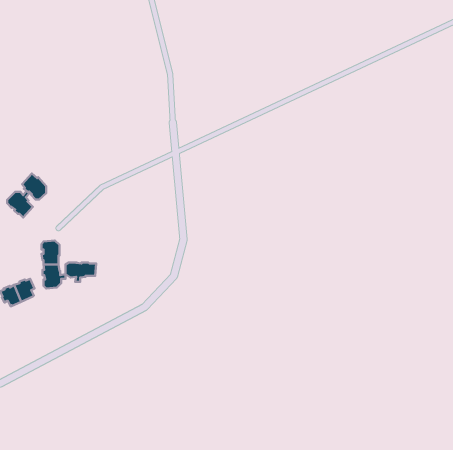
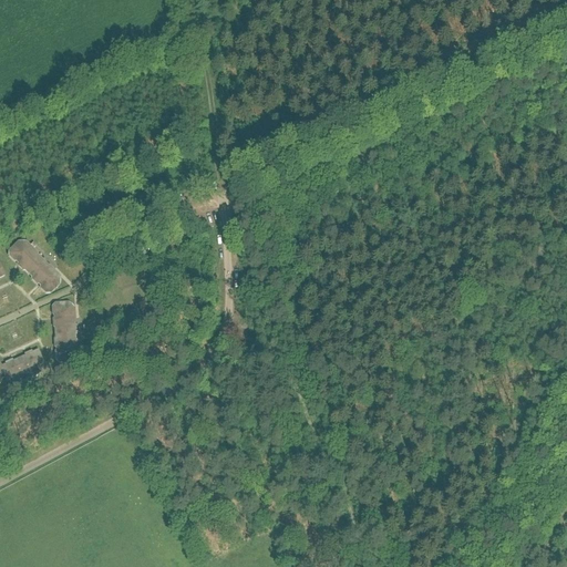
building: [22,174,46,199] -> [29,258,59,290]
building: [66,262,96,282] -> none

